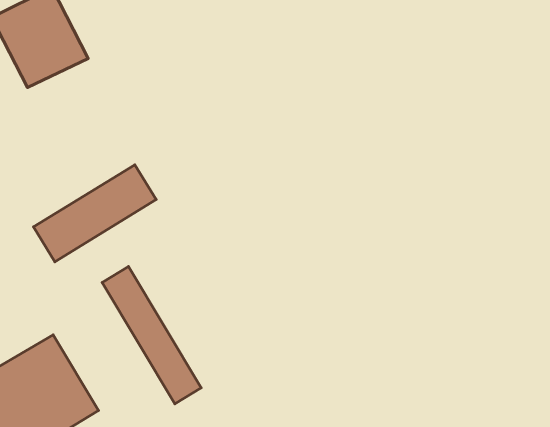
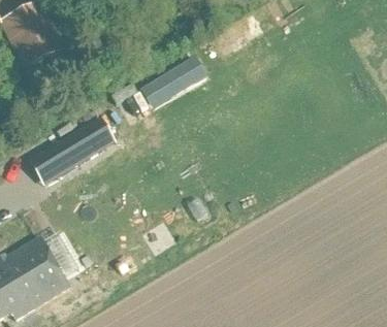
building: none -> [141,57,207,101]
building: [102,266,201,404] -> none

